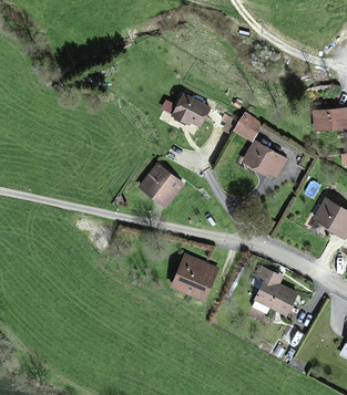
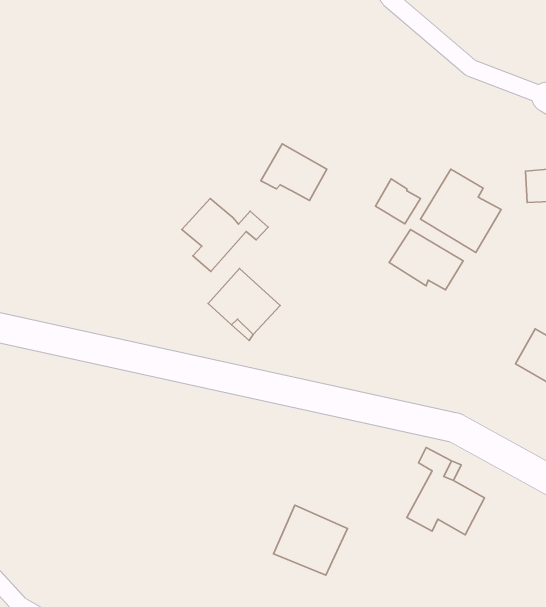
building: none -> [420,169,501,253]
building: none -> [182,198,268,271]
building: [172,257,214,297] -> [273,505,347,575]

